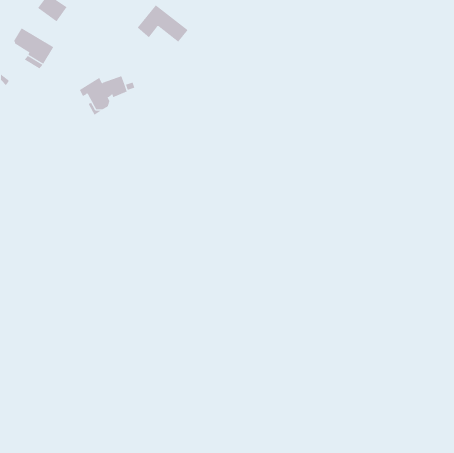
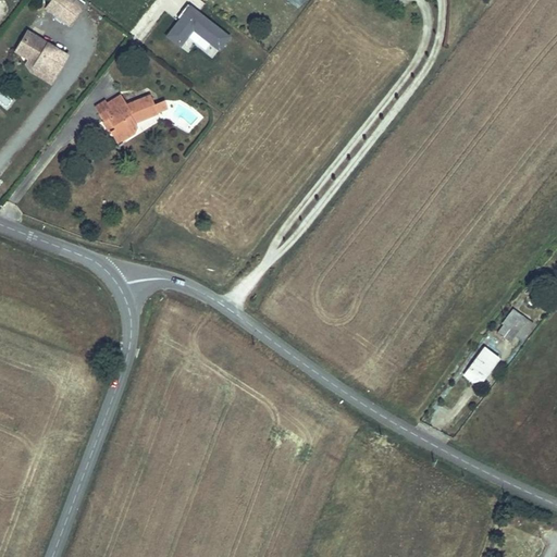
building: none -> [498,308,534,342]
building: none -> [463,346,500,386]

